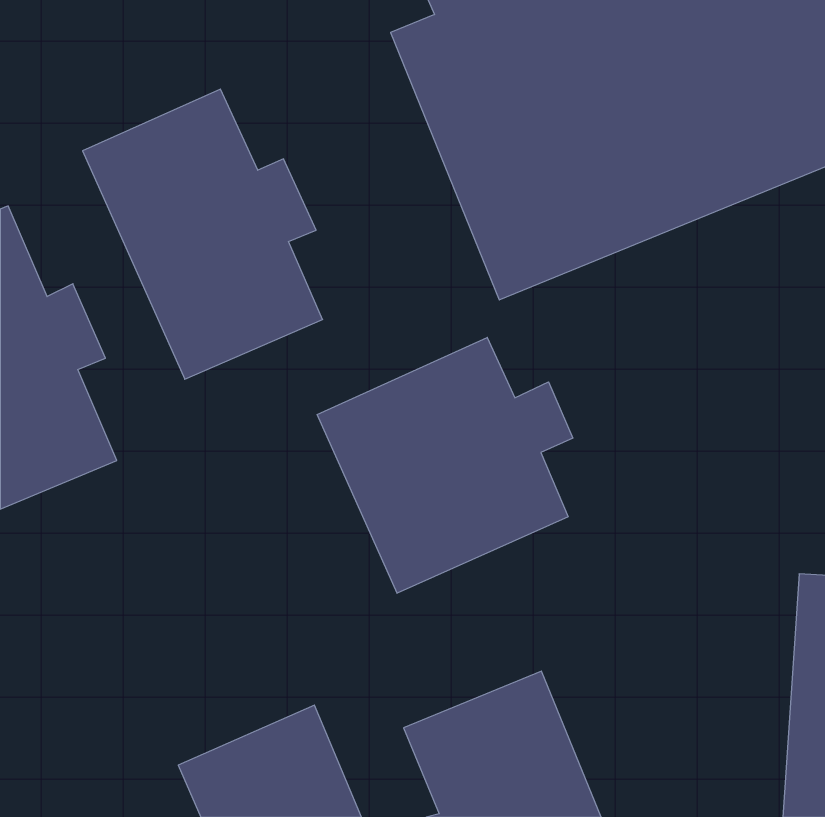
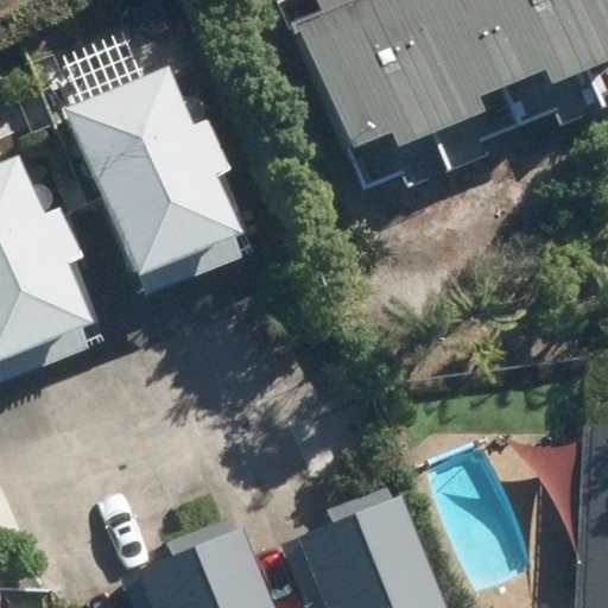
building: [317,337,573,593] -> none

